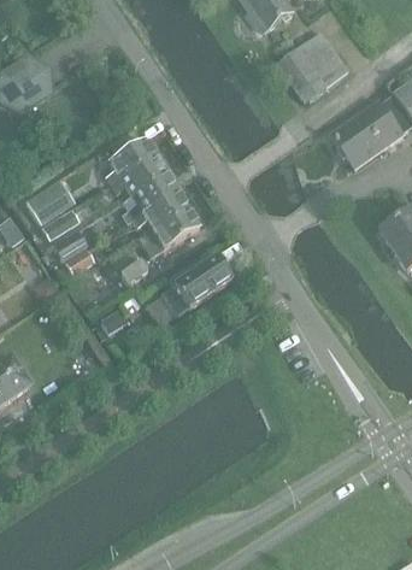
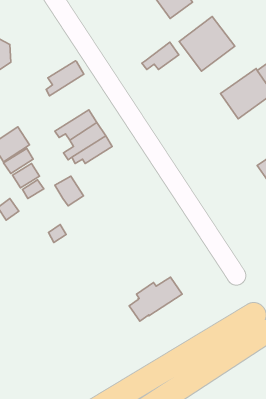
building: none -> [142,42,179,70]
building: [104,137,154,184] -> [46,61,84,96]
building: [136,205,199,257] -> none
building: [160,257,231,316] -> [129,277,182,321]

